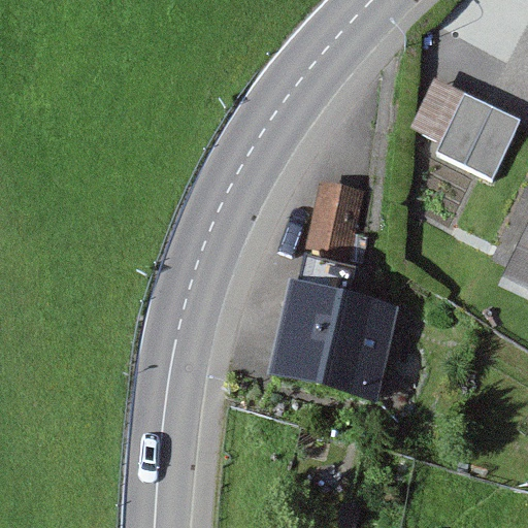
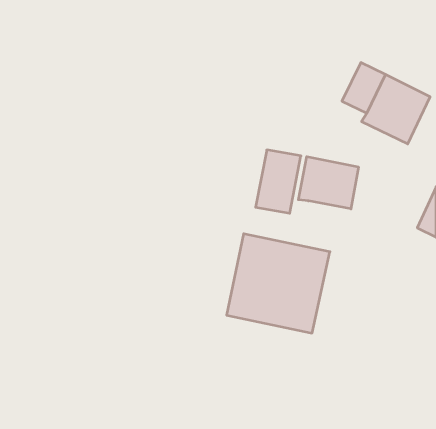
building: none -> [298,157,358,209]

